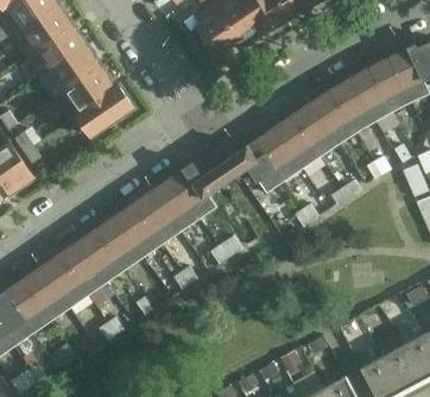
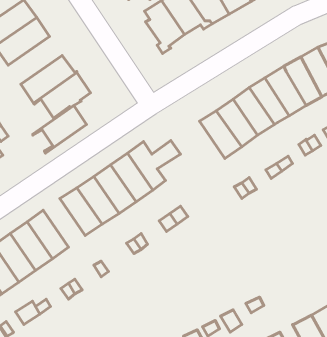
building: [39,44,100,97] -> [33,105,87,153]
building: [222,139,283,191] -> none
building: [78,226,126,281] -> none

